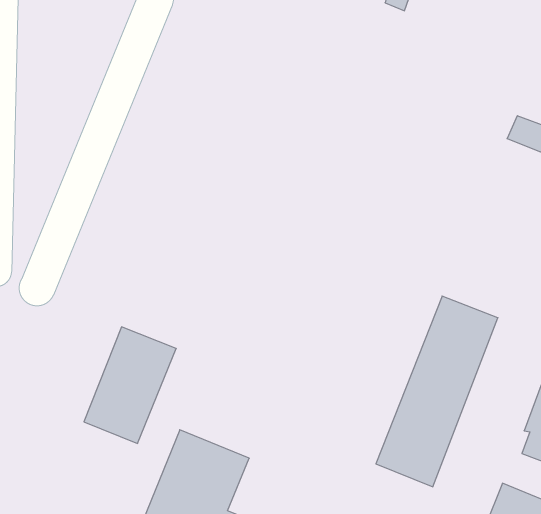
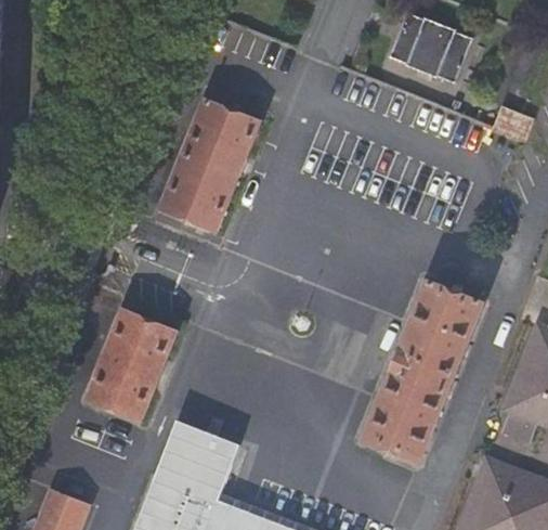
building: none -> [388,15,469,85]
building: none -> [161,104,257,233]

